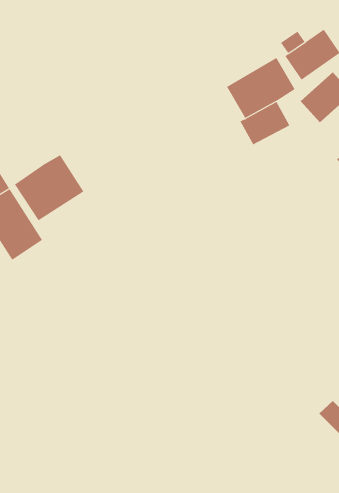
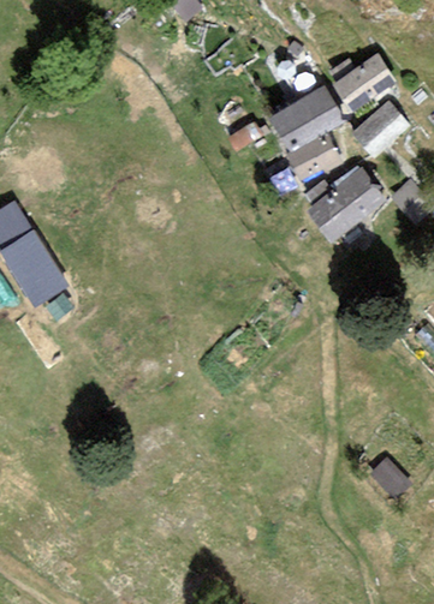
building: none -> [308,167,386,241]
building: [14,154,84,221] -> none

